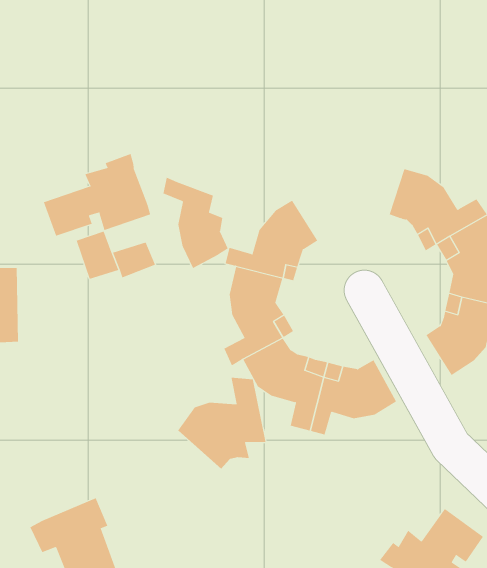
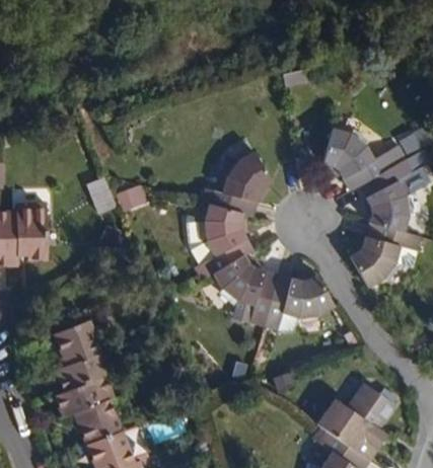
building: [43,153,151,236] -> none
building: [163,177,228,269] -> none
building: [178,377,266,470] -> none
building: none -> [54,320,114,393]

